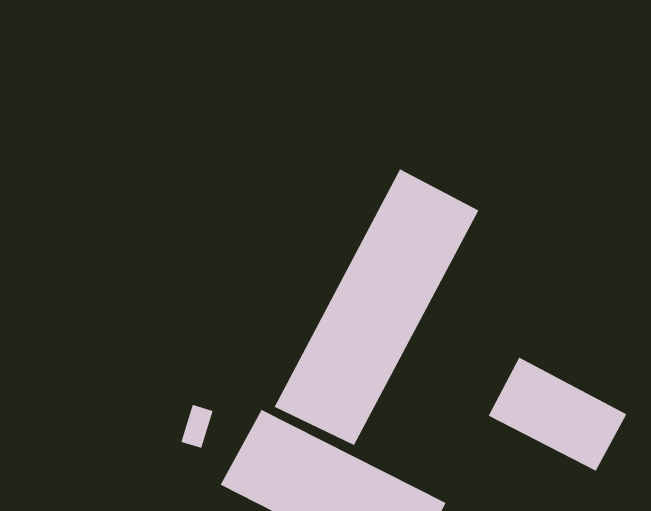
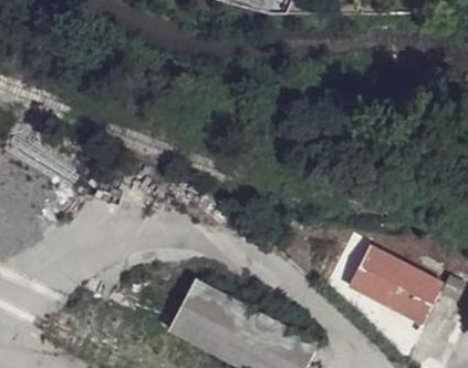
building: [274,169,479,446] -> none

